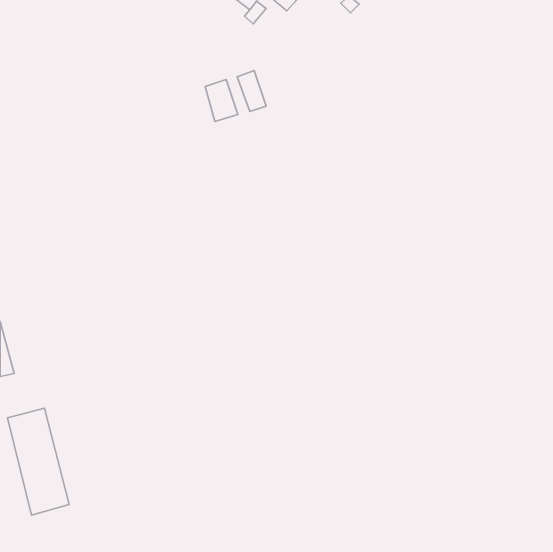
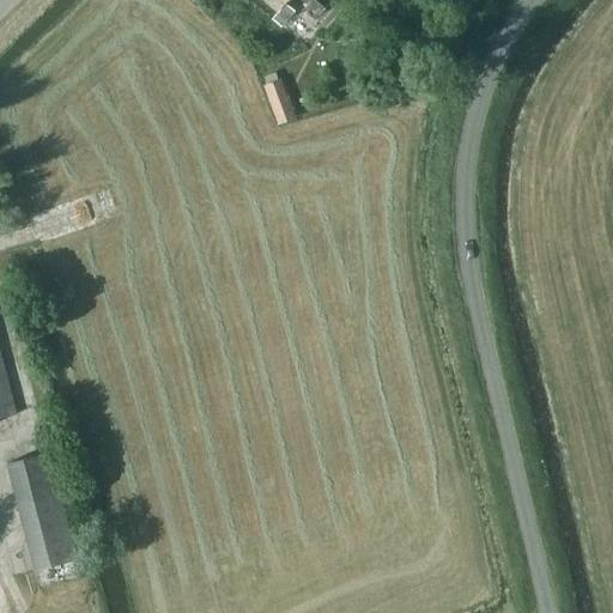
building: [205,80,238,121] -> none

